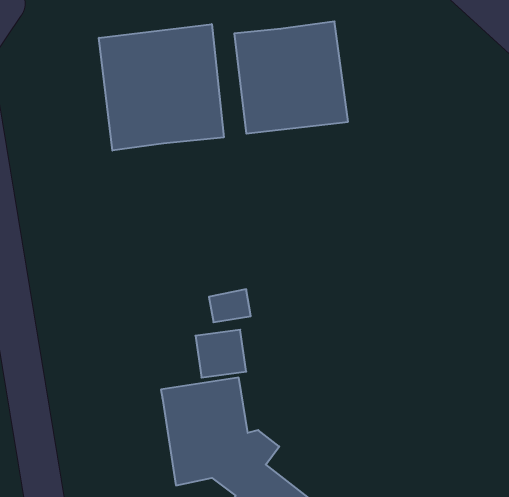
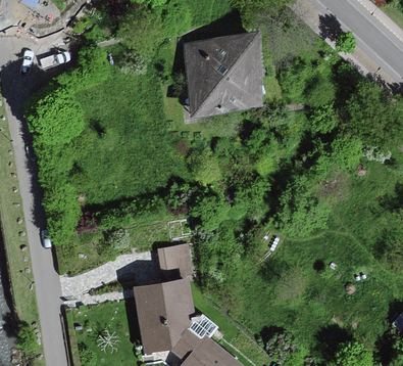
building: [99,24,224,151] -> none

